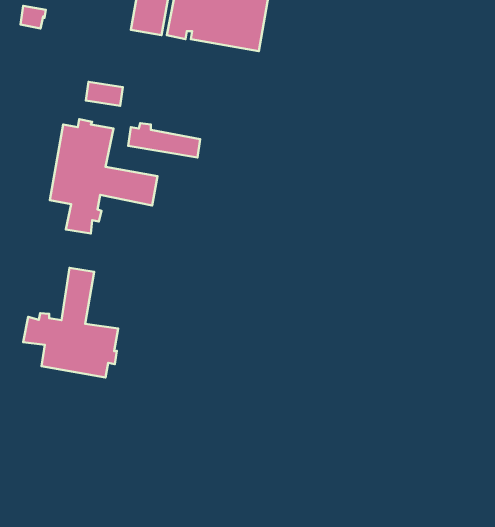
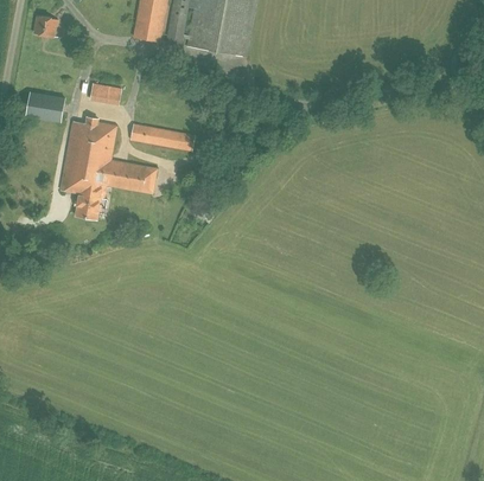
building: none -> [24,91,64,122]
building: [23,268,118,378] -> none

